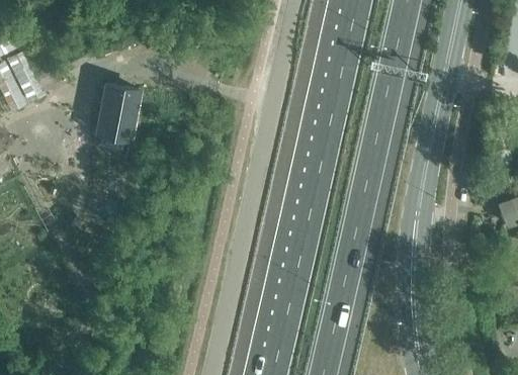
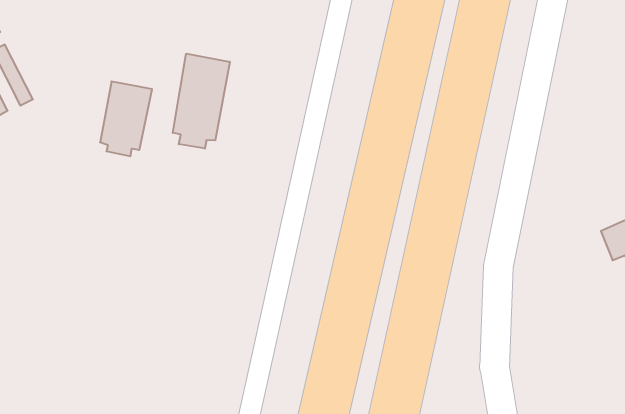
building: none -> [173,54,230,149]

